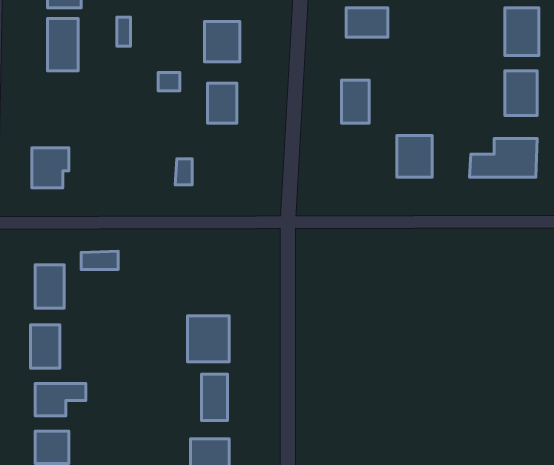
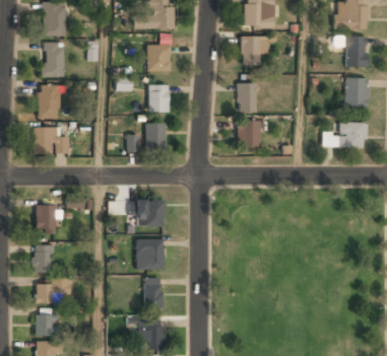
building: none -> [39,85,59,120]
building: [397,135,432,177] -> [238,120,261,147]
building: none -> [146,123,165,151]
building: none -> [129,200,165,226]

